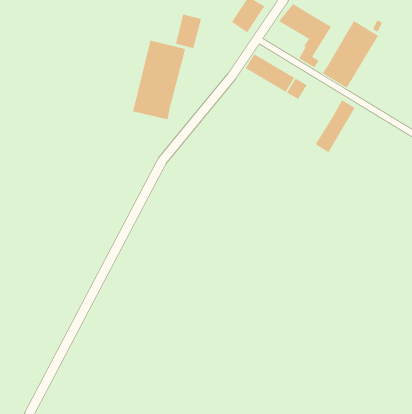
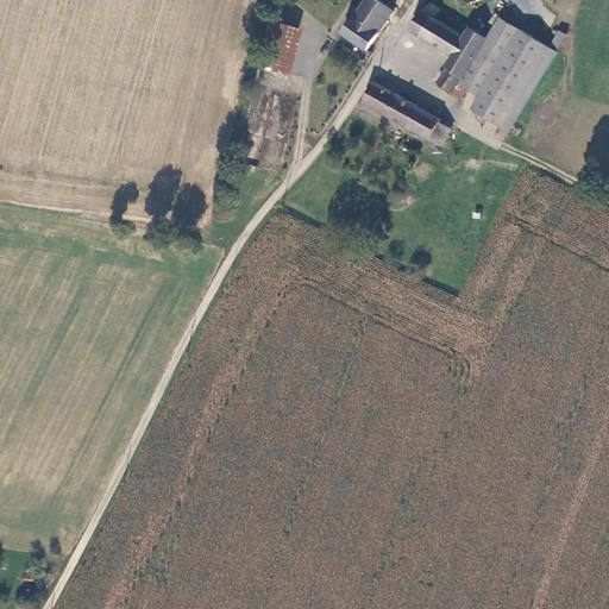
building: [132,40,186,120] -> none
building: [315,100,355,153] -> [459,18,519,96]

